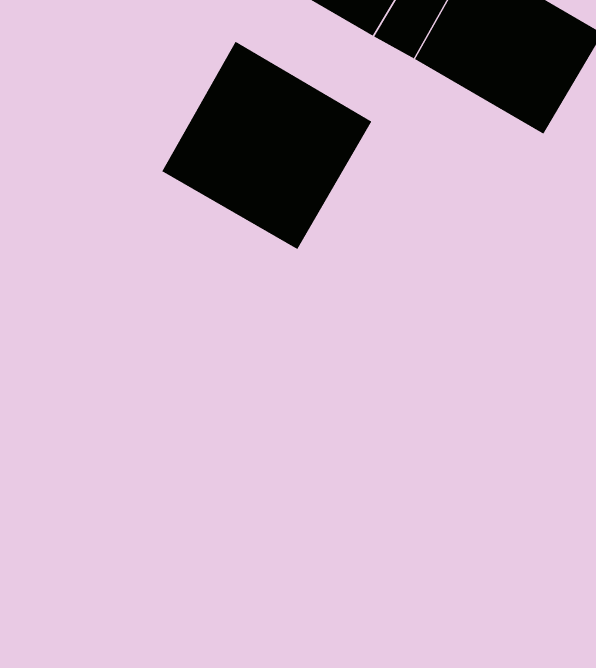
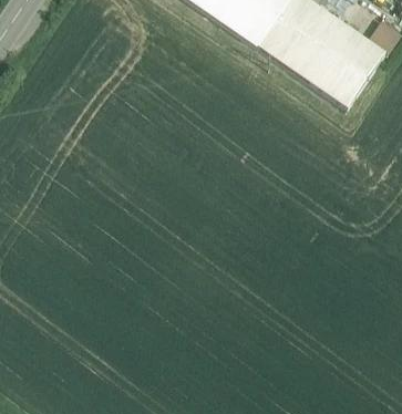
building: [161,41,372,250] -> none

